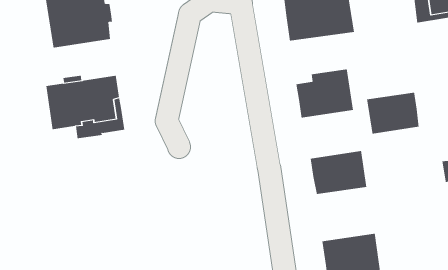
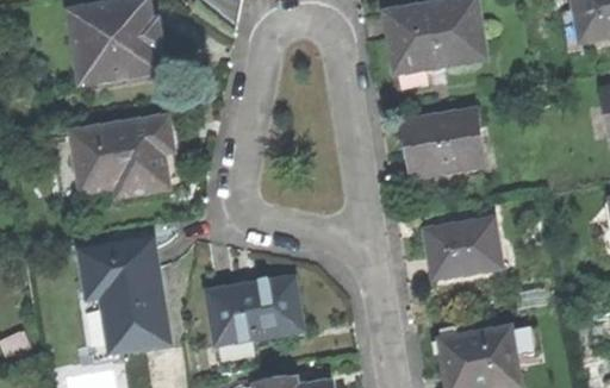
building: [367,92,419,135] -> none
building: none -> [81,238,167,349]
building: none -> [210,276,303,343]

